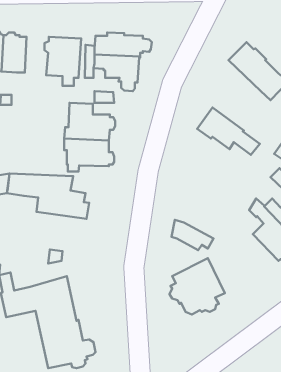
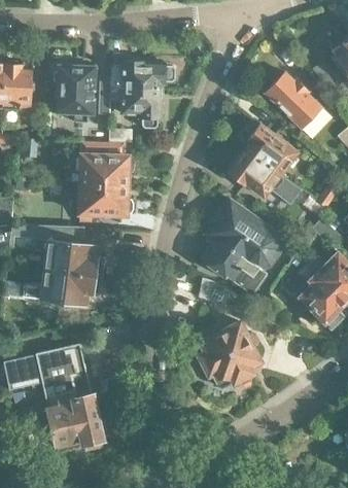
building: none -> [246,124,299,175]
building: none -> [201,201,280,295]
building: none -> [23,269,101,306]

